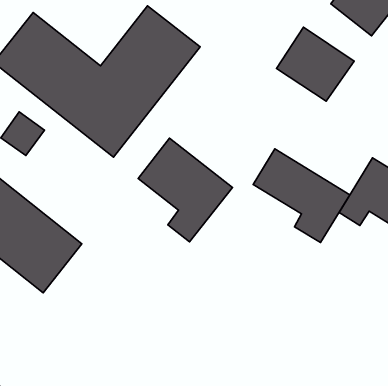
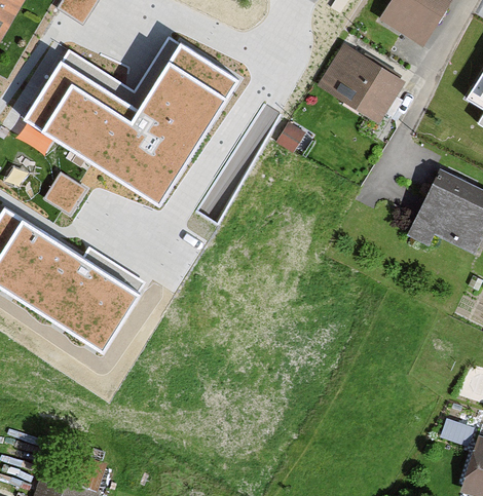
building: [138,138,232,242] -> none
building: [253,149,350,243] -> none

